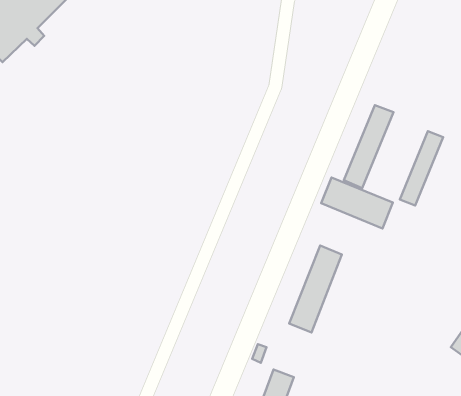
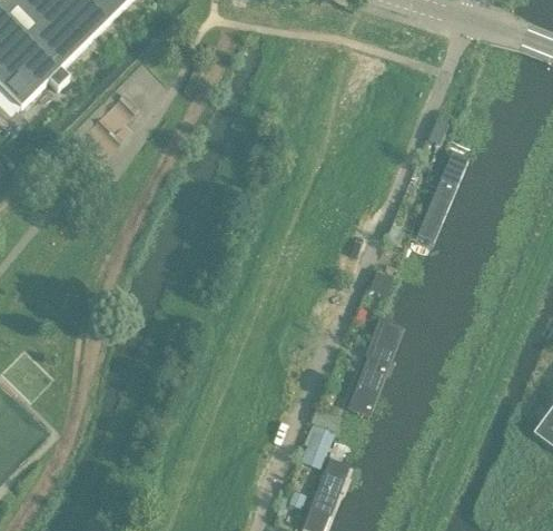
building: [400,131,443,206] -> none
building: [321,177,393,228] -> none

